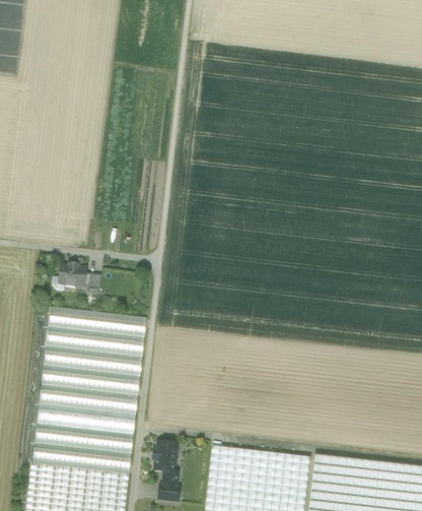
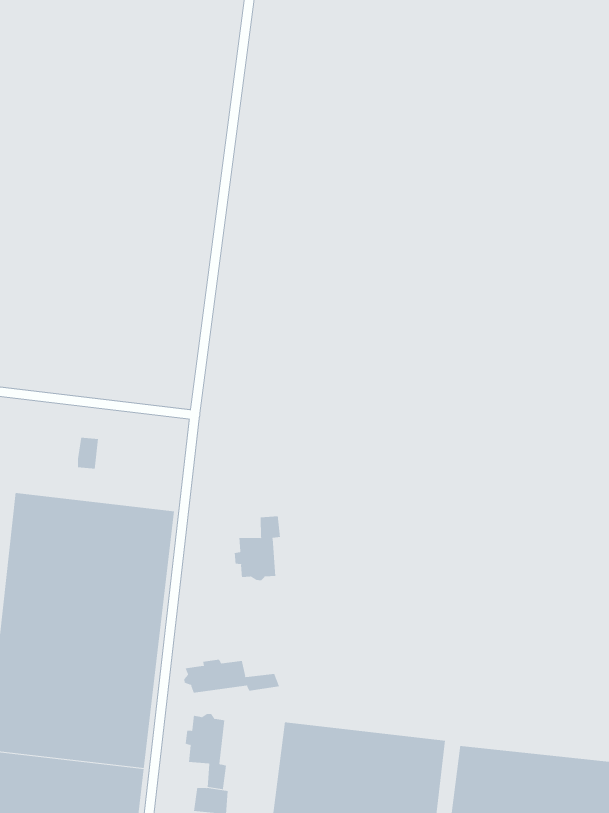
building: [52,265,85,292] -> none
building: none -> [234,516,280,581]
building: none -> [184,659,280,693]

